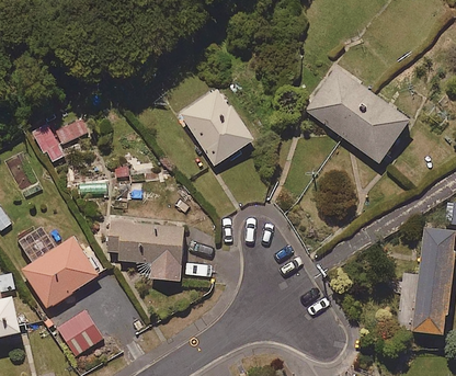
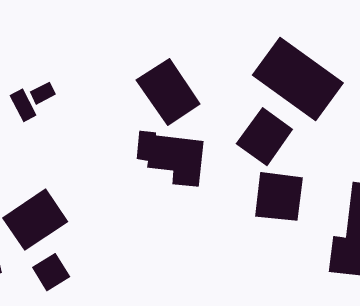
building: none -> [235,106,294,167]
building: [110,216,187,281] -> [136,130,204,187]
building: none -> [254,171,304,222]

